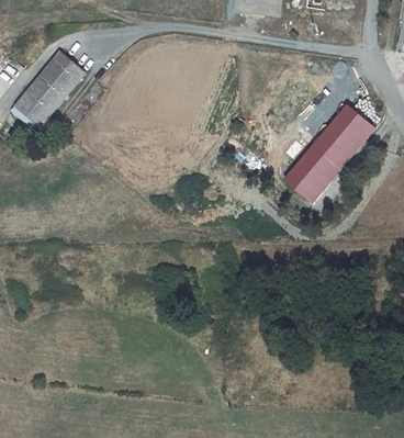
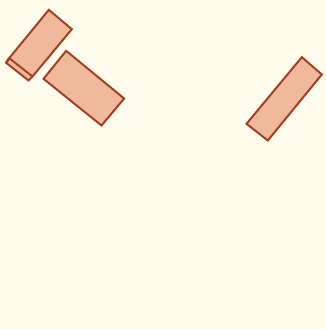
building: none -> [44,51,124,125]

